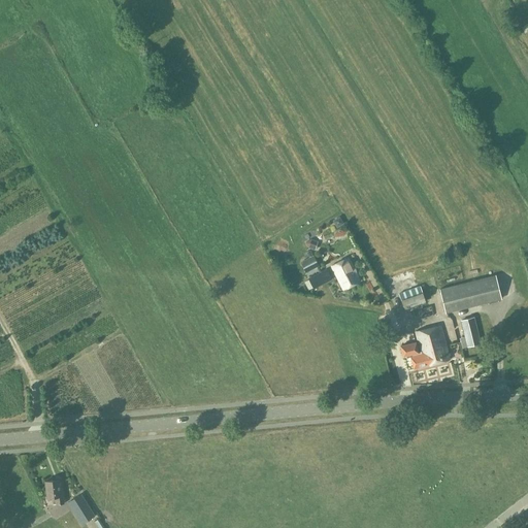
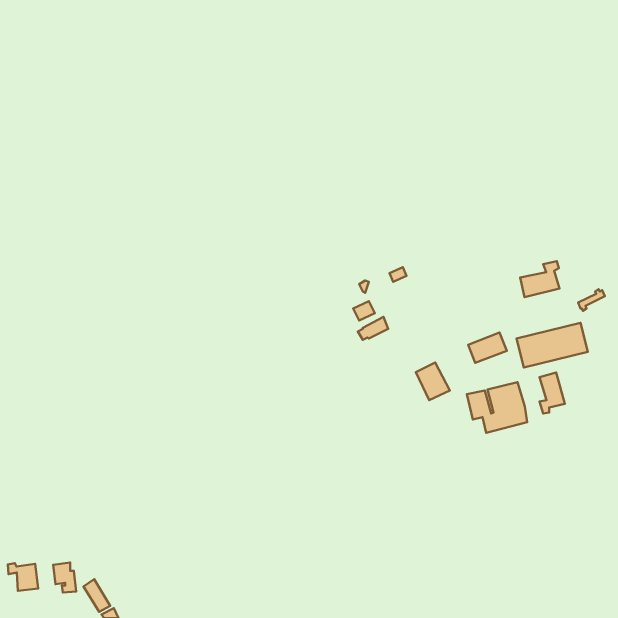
building: none -> [520,261,559,297]
building: [332,258,361,290] -> [416,363,450,400]
building: none -> [8,563,38,591]

